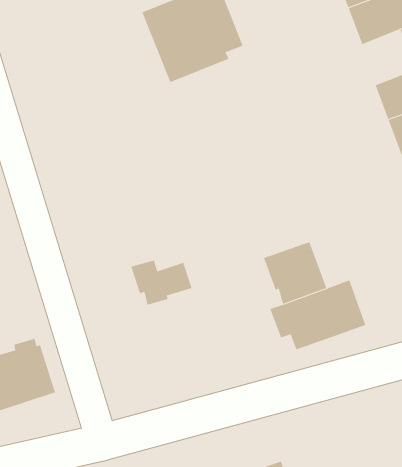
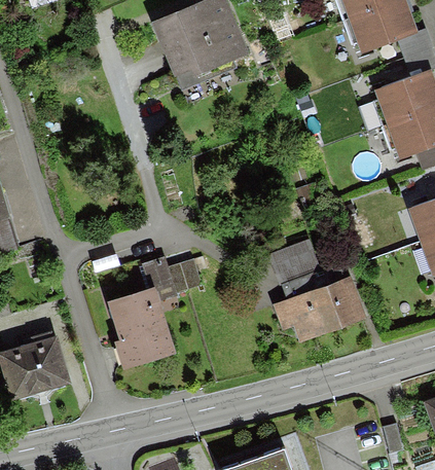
building: none -> [107,288,174,369]

